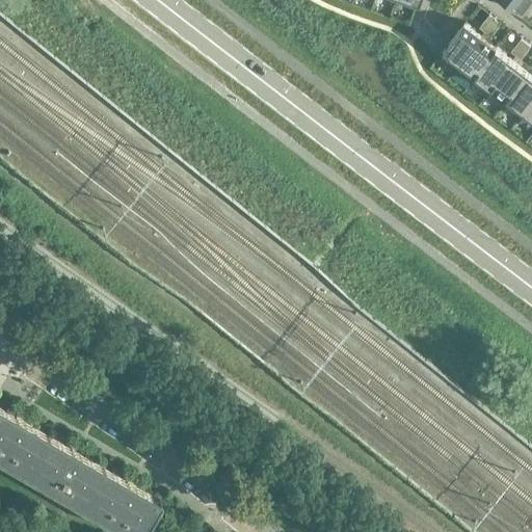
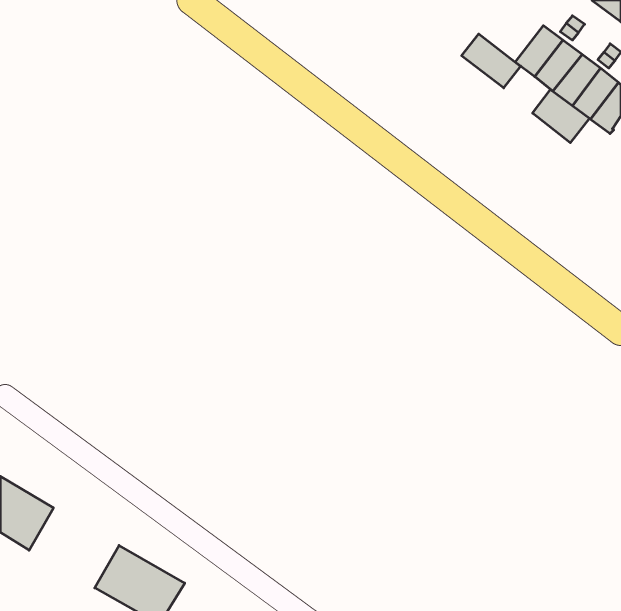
building: none -> [462,34,521,88]
building: none -> [533,89,589,143]
building: [25,443,102,511] -> none

